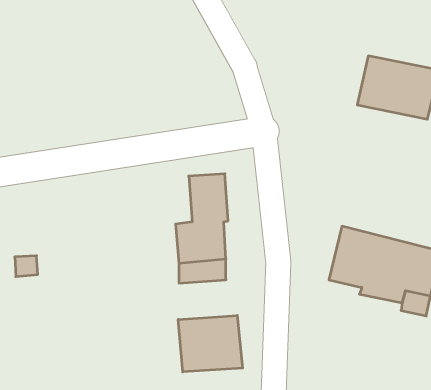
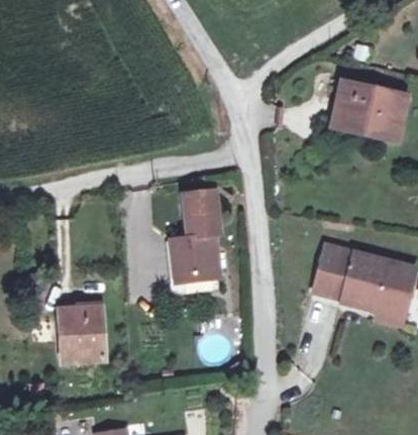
building: none -> [58,304,102,362]
building: [178,315,243,372] -> none

